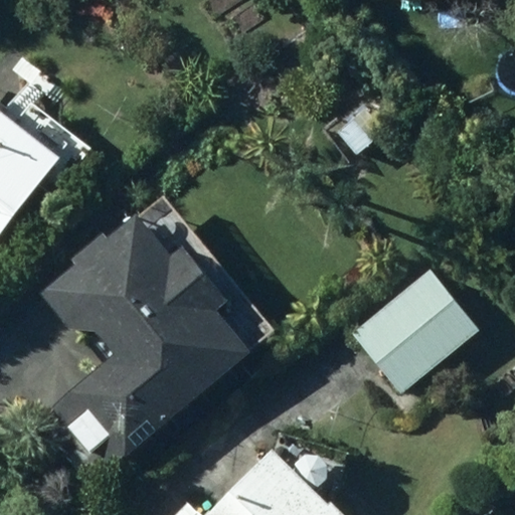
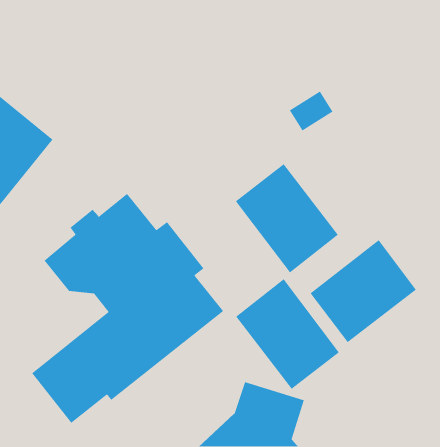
building: none -> [235,163,339,274]
building: none -> [235,278,340,390]

